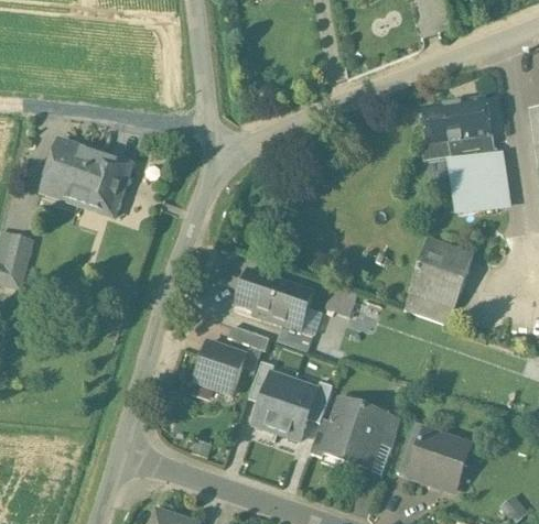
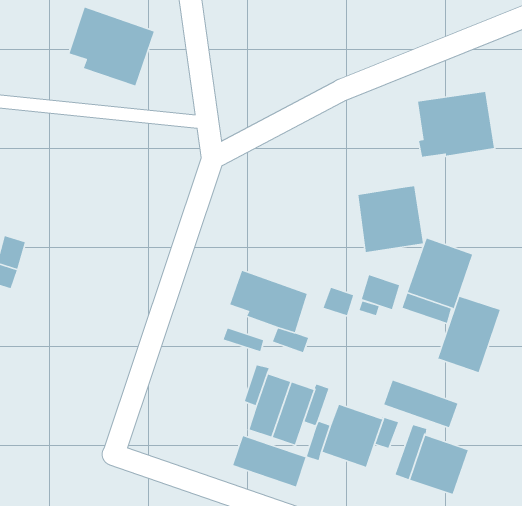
building: [47,139,132,217] -> [68,6,155,86]
building: [445,150,510,216] -> [357,185,424,253]
building: none -> [361,274,400,310]
building: none -> [437,296,501,373]
building: [193,342,245,394] -> none
building: none -> [383,380,459,428]
building: none -> [232,435,307,487]

